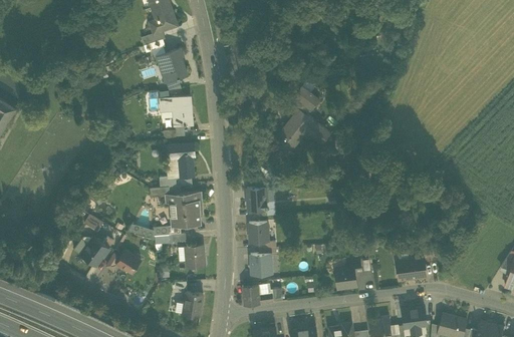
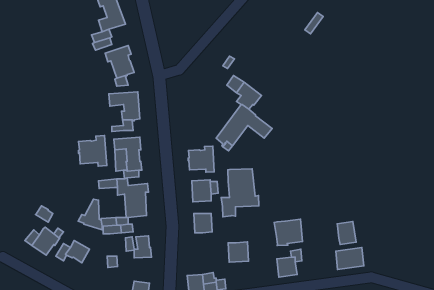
building: none -> [79,136,107,166]
building: none -> [188,146,214,172]
building: none -> [221,169,259,217]
building: none -> [274,219,302,246]
building: none -> [337,222,356,245]
building: [251,254,272,275] -> [228,242,248,262]

